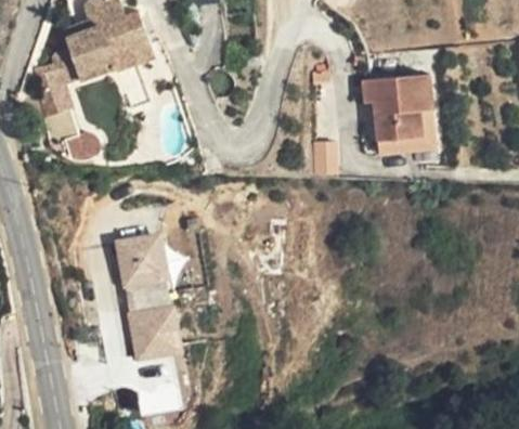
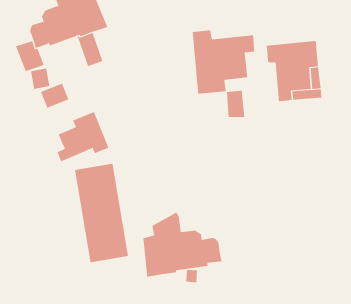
building: none -> [192,30,255,95]
building: none -> [57,111,109,162]
building: none -> [143,212,222,277]

